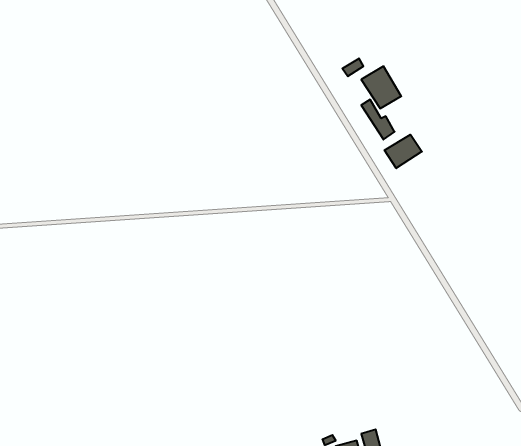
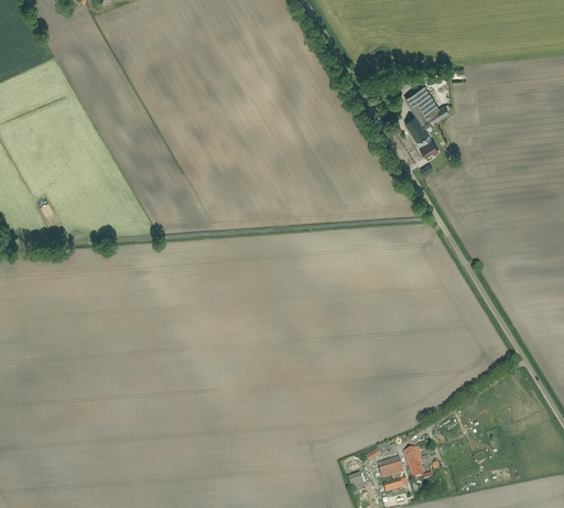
building: [385,135,422,168] -> none

